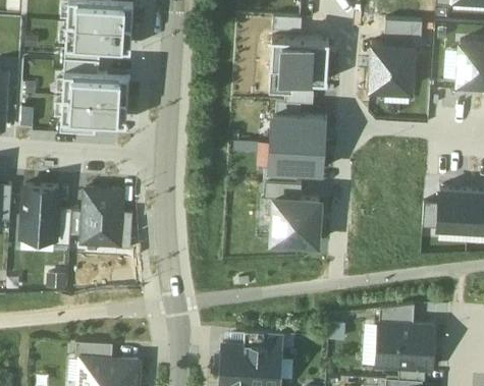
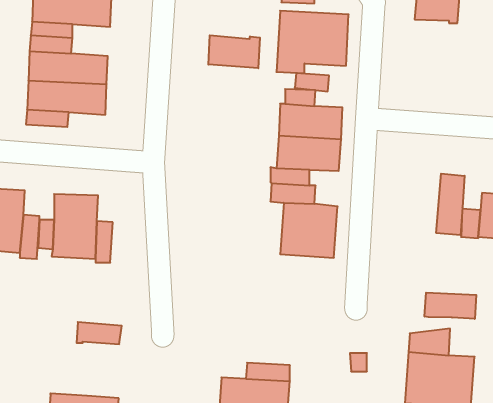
building: [370,45,413,92] -> none
building: none -> [208,35,260,68]
building: none -> [436,174,465,235]
building: none -> [425,293,476,319]
building: [75,341,113,360] -> [77,322,122,344]

